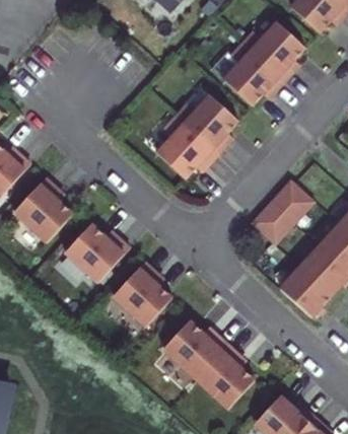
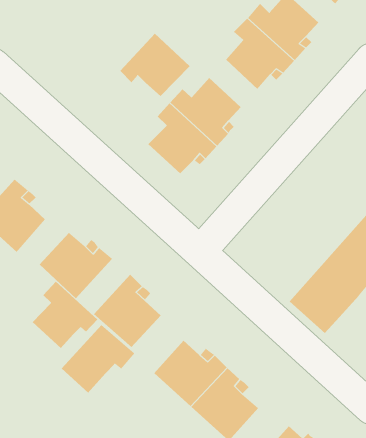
building: none -> [119,33,191,97]
building: [250,178,315,244] -> none
building: none -> [32,281,98,349]
building: none -> [61,324,135,394]

